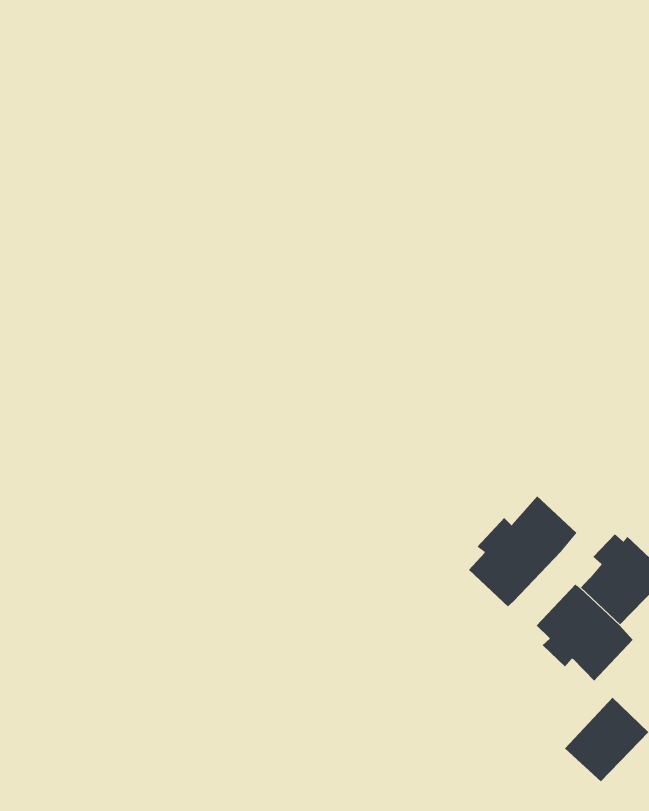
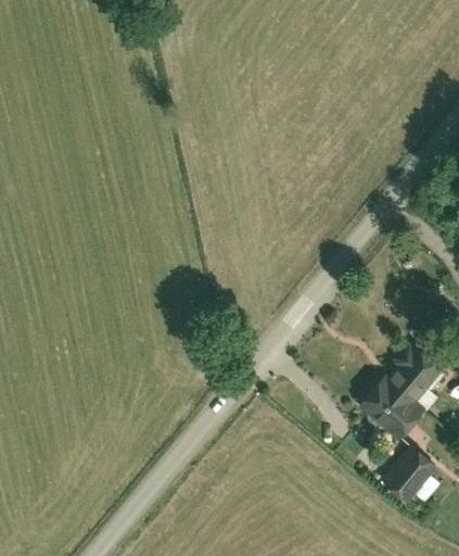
building: [468,495,577,607] -> none

